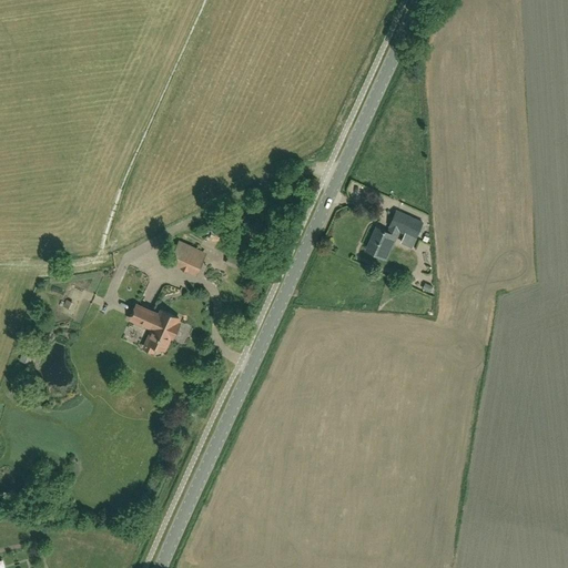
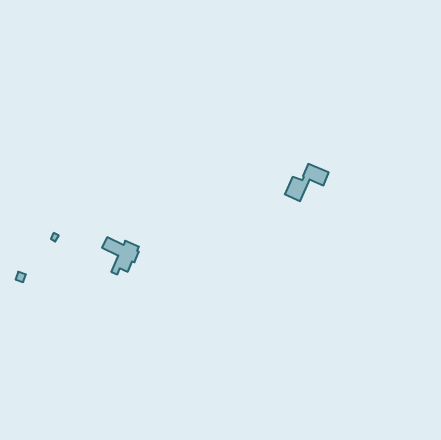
building: [169,242,206,275] -> none

